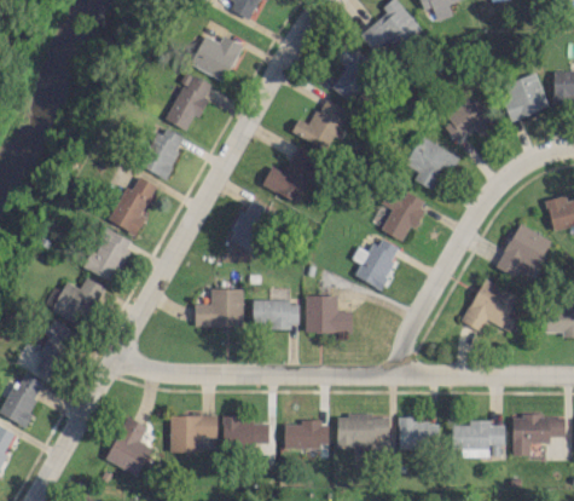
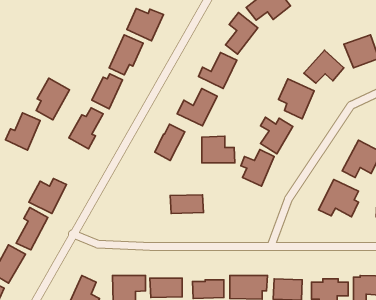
building: none -> [36,78,69,120]
building: [82,228,132,281] -> [5,113,40,150]
building: [195,288,244,327] -> none
building: [306,295,353,333] -> [202,136,235,163]

